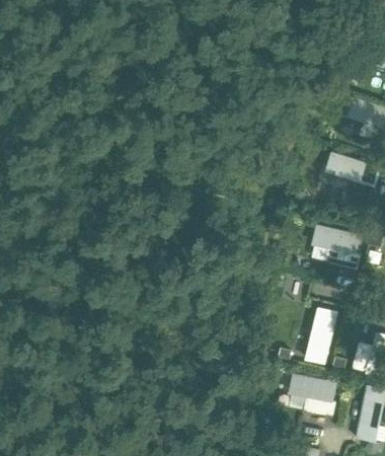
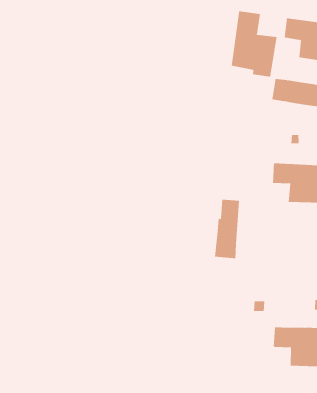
building: none -> [231,11,277,78]
building: [305,308,336,364] -> [214,199,240,259]

